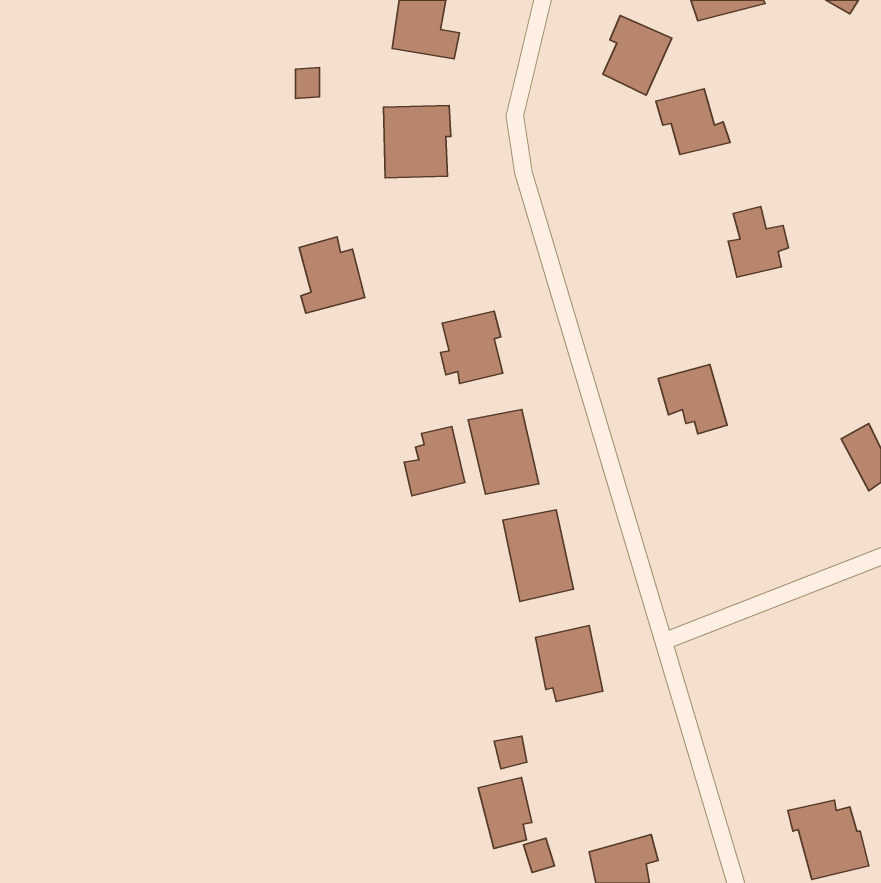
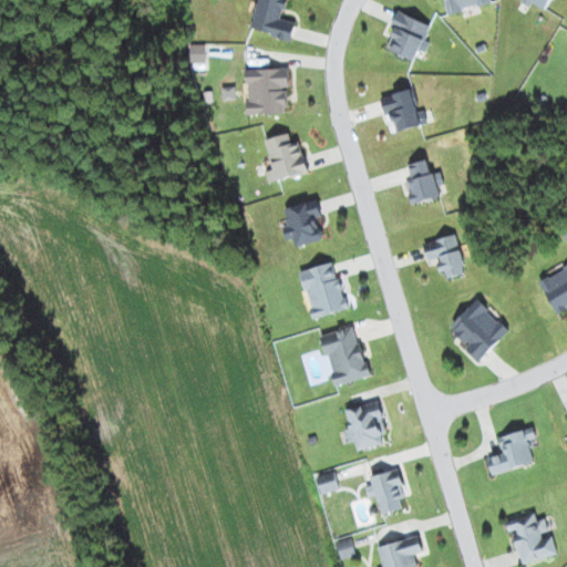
building: [656,89,730,155] -> [380,89,427,131]
building: [728,206,789,277] -> [405,158,444,204]
building: [299,237,365,313] -> [265,133,307,182]
building: [404,427,465,496] -> none
building: none -> [450,299,508,361]
building: none -> [487,426,536,475]
building: [478,778,532,848] -> [371,468,405,514]

